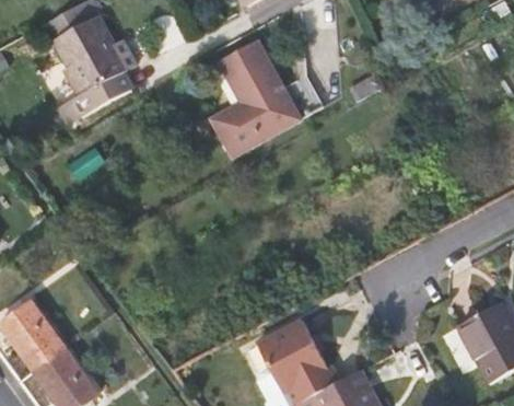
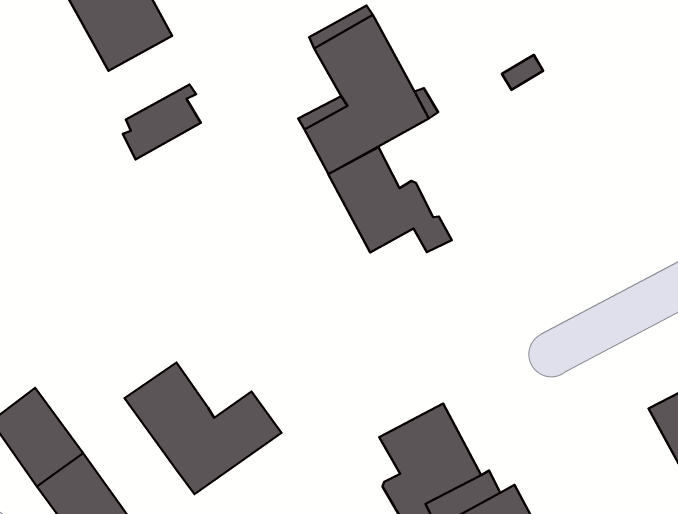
building: [78,62,131,114] -> [123,84,201,159]
building: none -> [328,147,452,253]
building: none -> [125,362,282,494]

